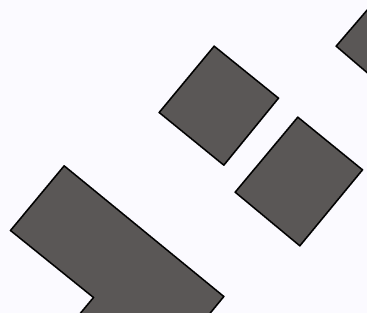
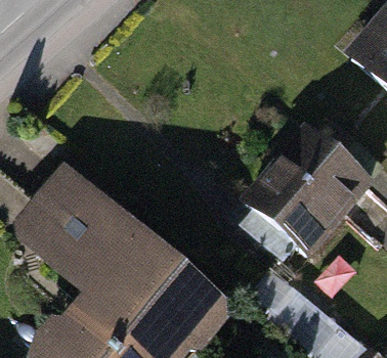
building: [159,46,278,165] -> none

